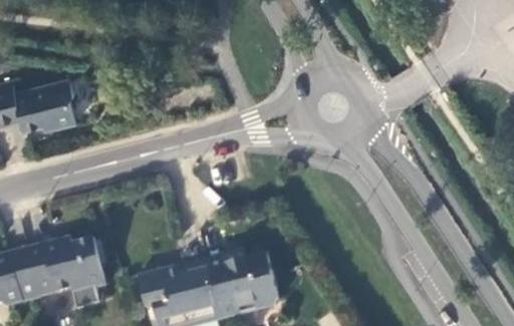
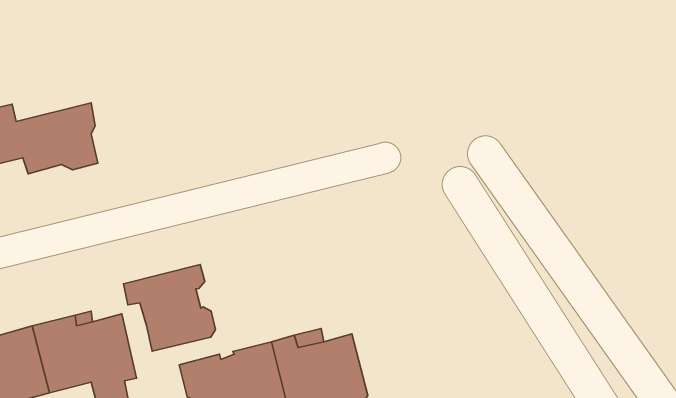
building: none -> [124,265,215,351]

